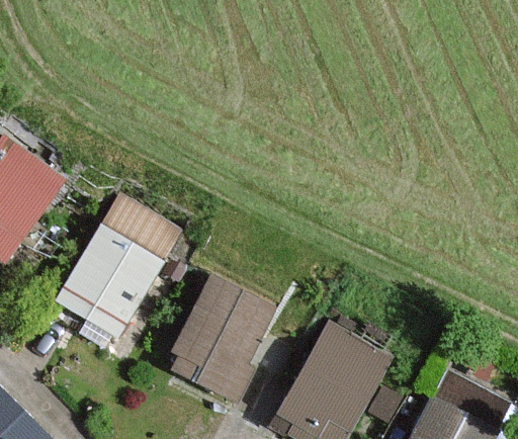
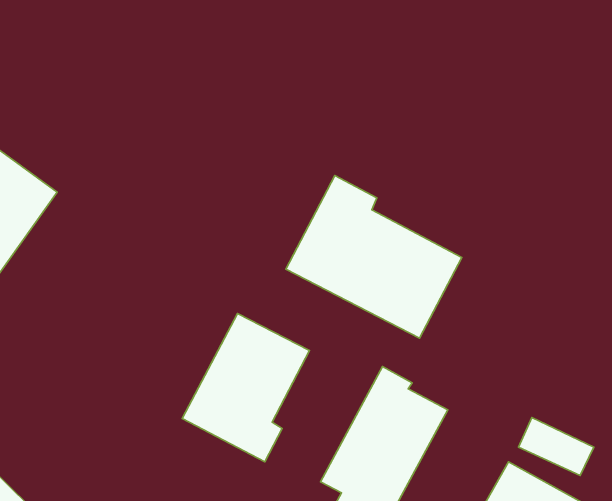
building: none -> [286,176,462,338]
building: [59,199,178,337] -> none

